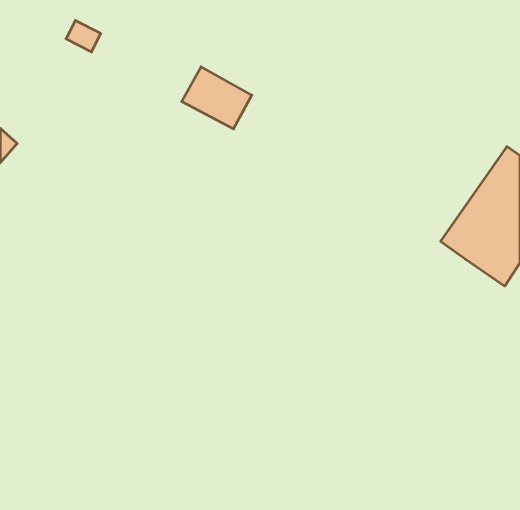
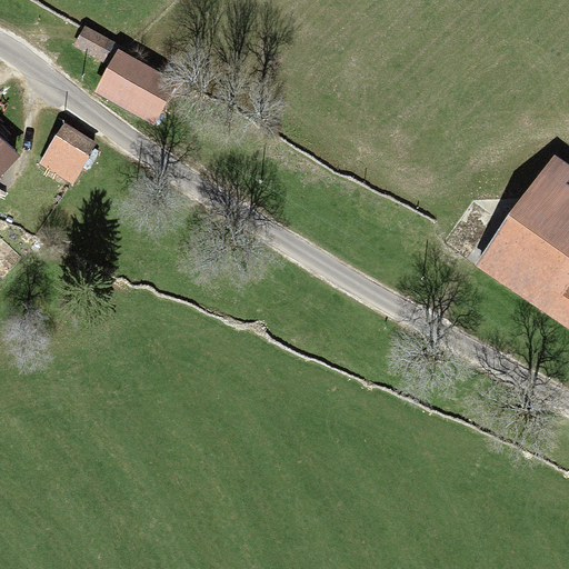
building: [182,67,252,129] -> [97,50,173,118]
building: none -> [43,126,101,180]

